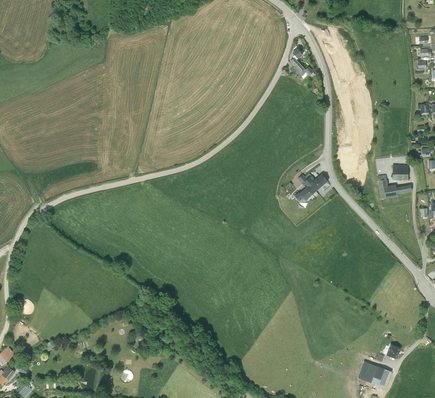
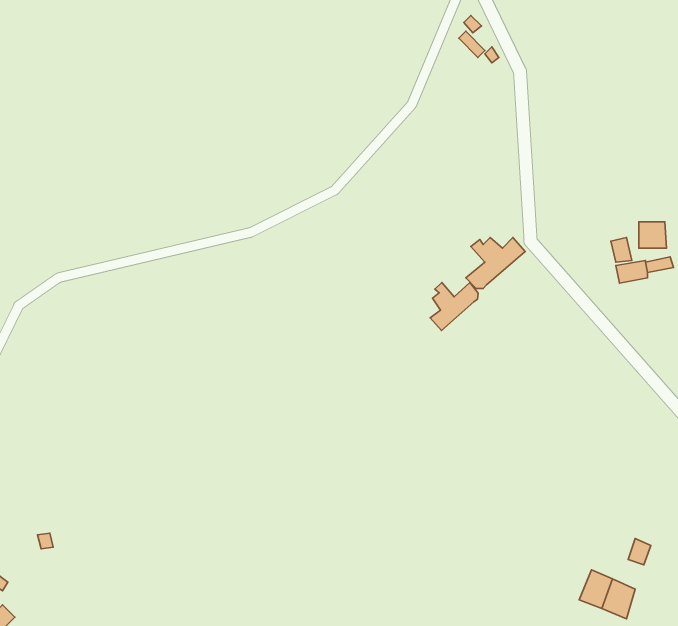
building: none -> [430,282,478,331]

